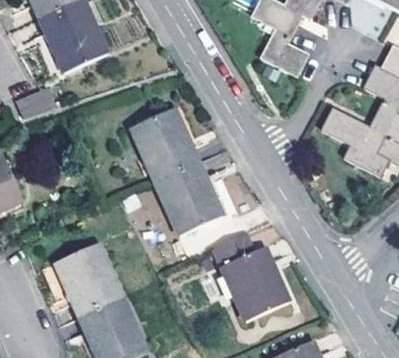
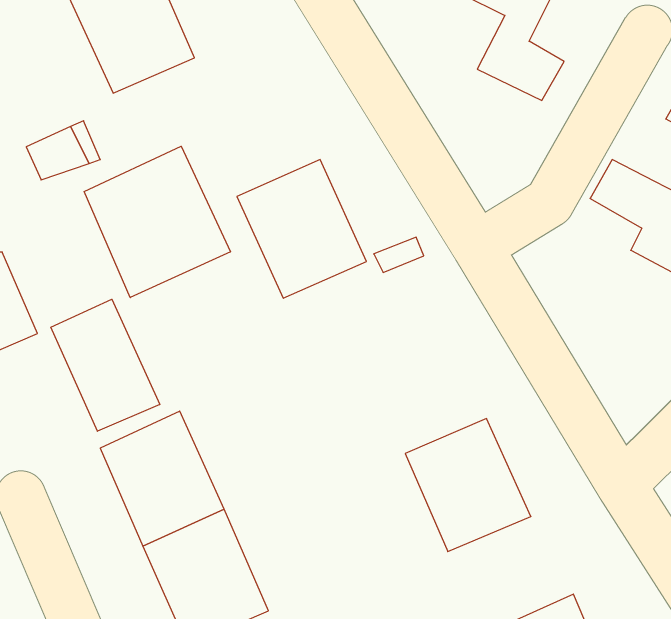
building: none -> [84,146,230,298]
building: [155,162,223,232] -> none
building: none -> [51,299,160,431]

